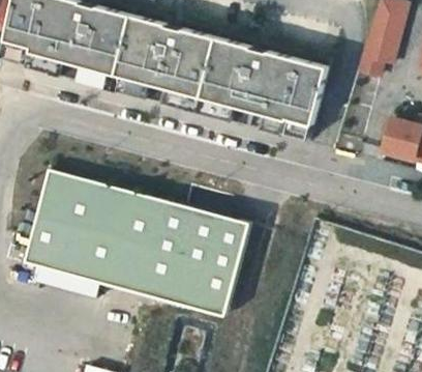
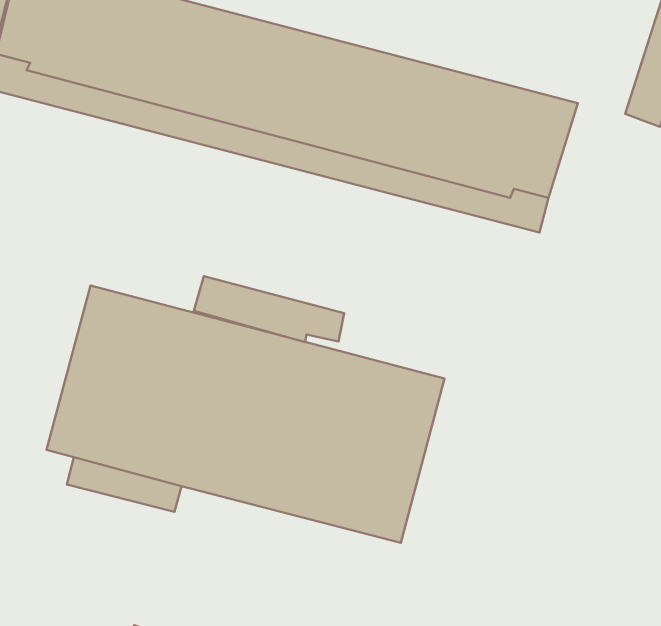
building: none -> [194,276,344,342]

